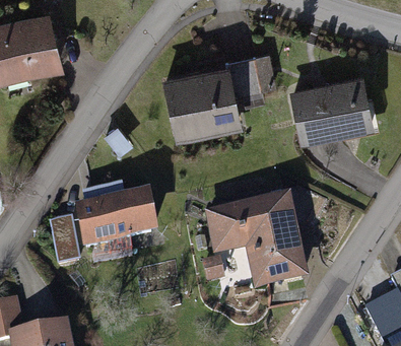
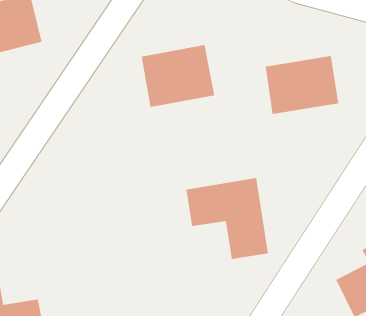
building: [230,55,263,93] -> none
building: [80,185,157,251] -> none
building: [51,215,80,262] -> none

